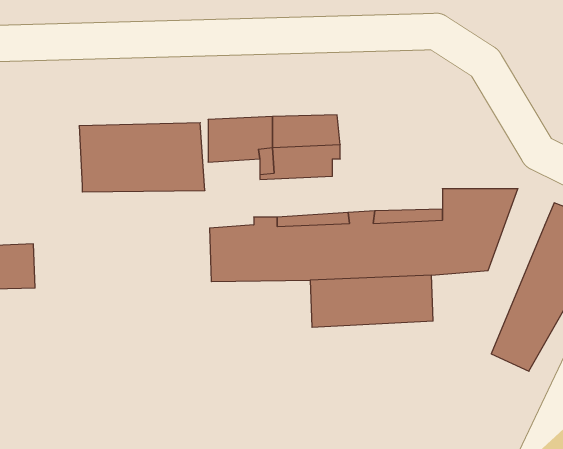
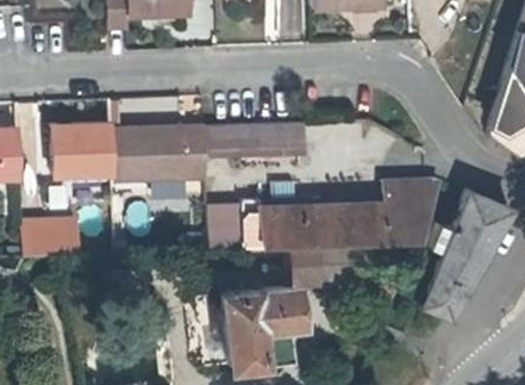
building: none -> [55,125,112,178]
building: none -> [223,286,299,364]

